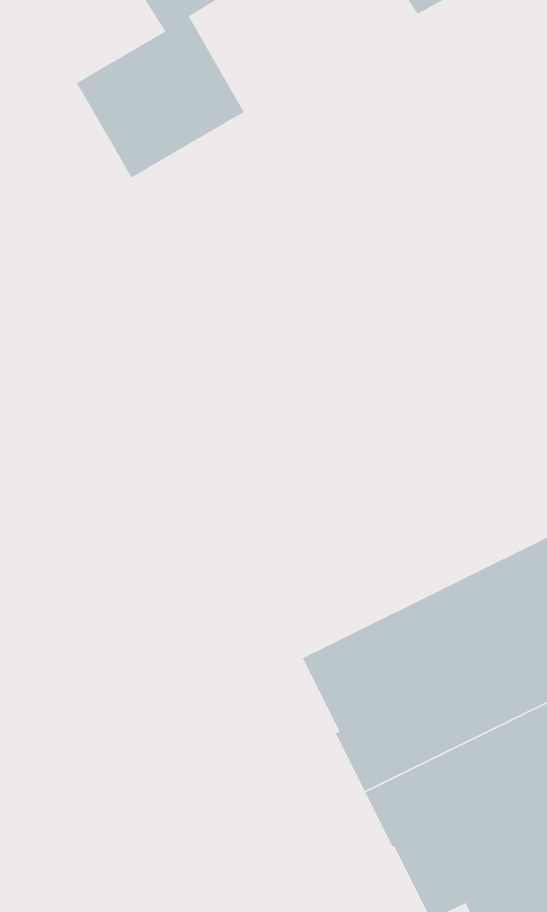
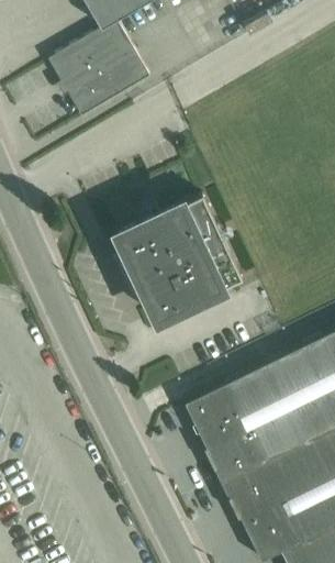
building: none -> [110,197,242,329]

